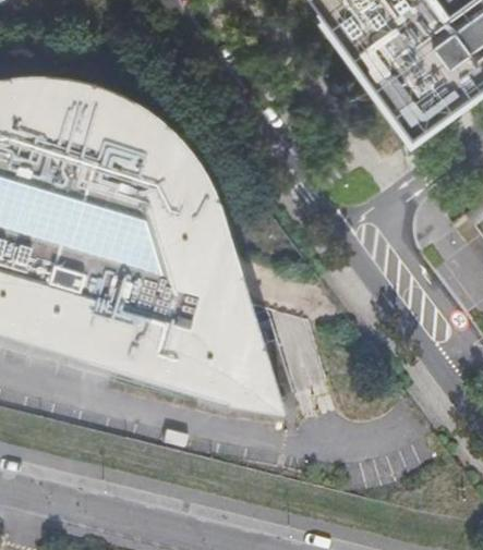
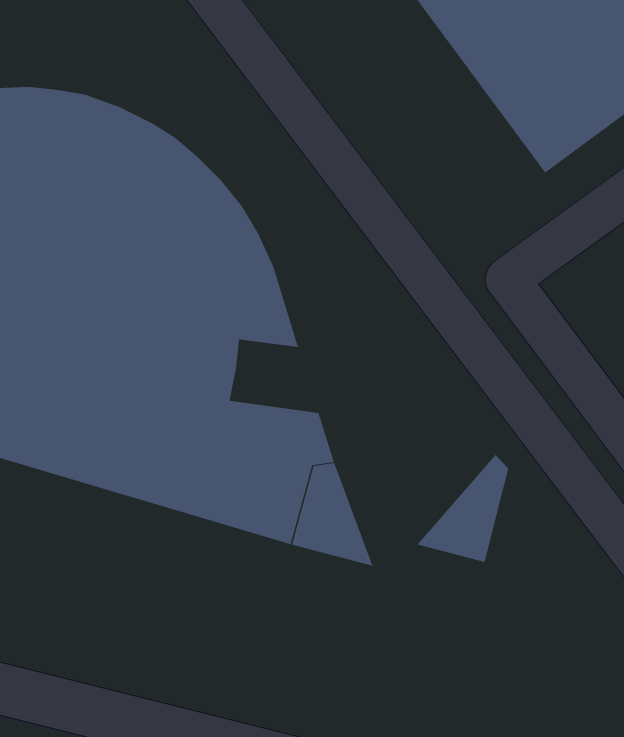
building: [185,254,247,305] -> none
building: none -> [417,454,509,563]

